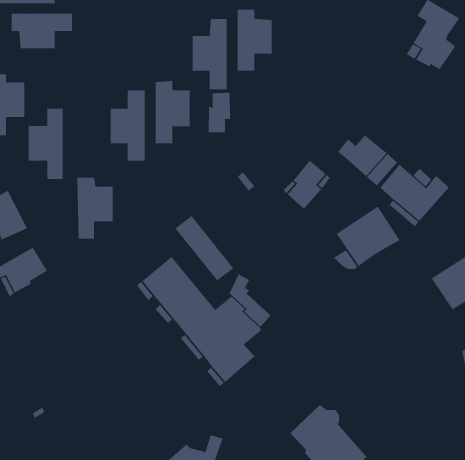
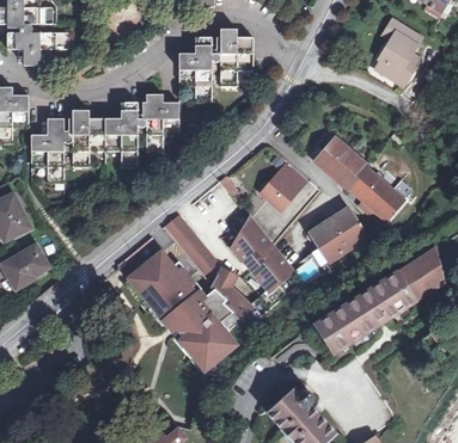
building: [208,92,231,133] -> none
building: [76,177,113,239] -> [72,110,105,166]
building: none -> [232,216,293,293]
building: none -> [318,272,415,351]

